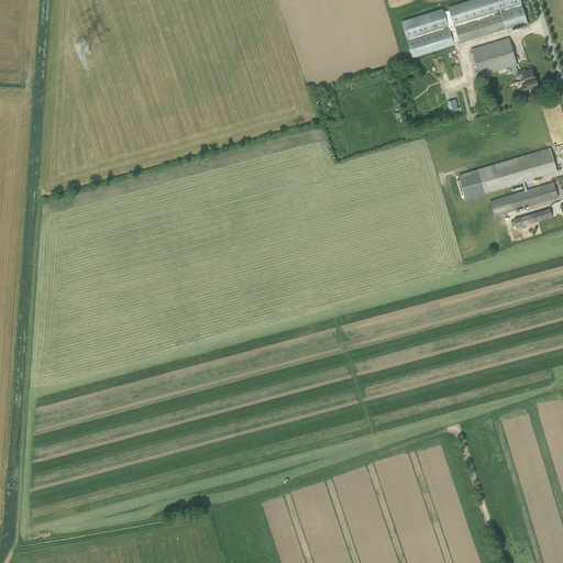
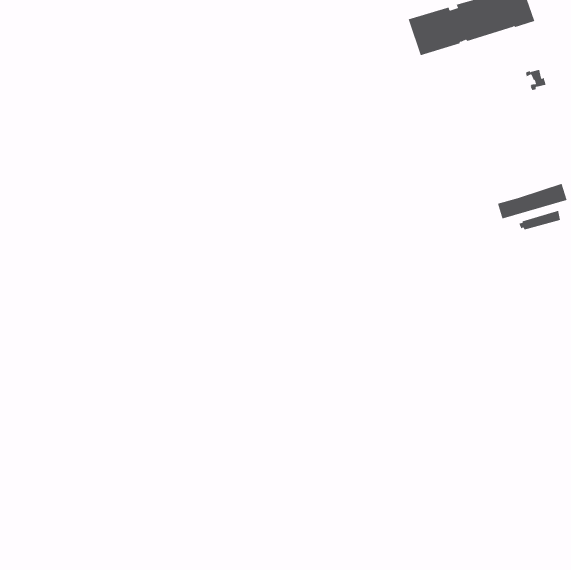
building: [471,36,517,76] -> none
building: [459,147,556,198] -> none

